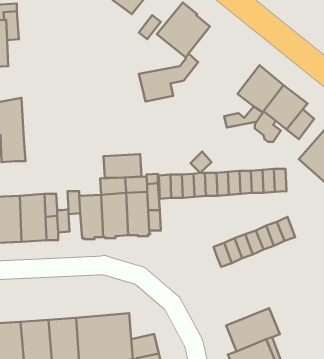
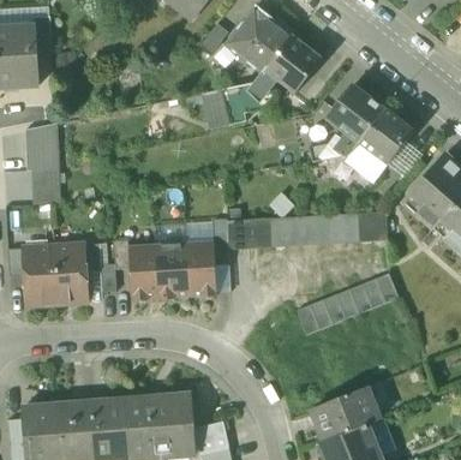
building: none -> [265,35,323,94]
building: [103,154,142,178] -> none

